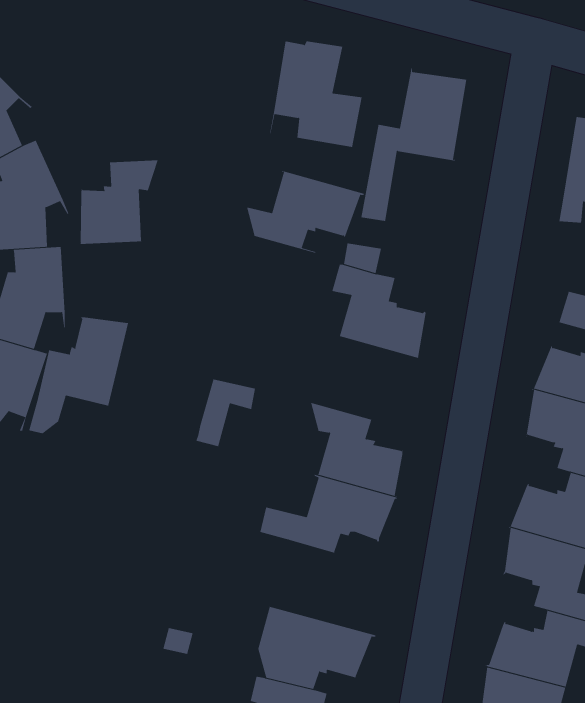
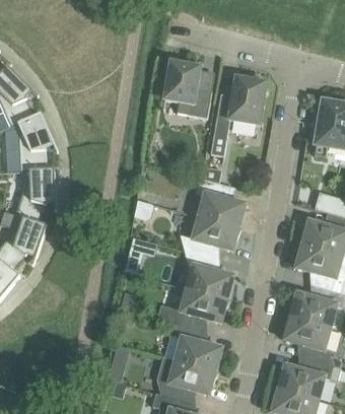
building: [77,159,159,245] -> none
building: [246,170,365,254] -> [180,215,242,259]
building: [29,316,129,434] -> none
building: none -> [162,322,221,371]

